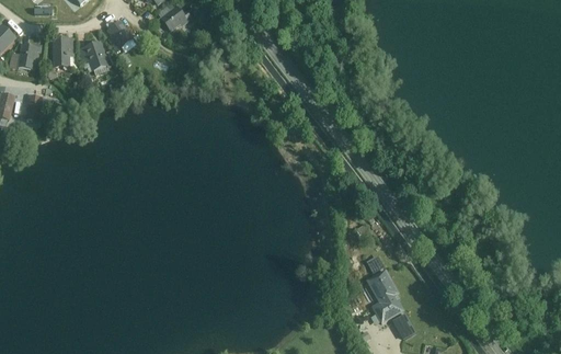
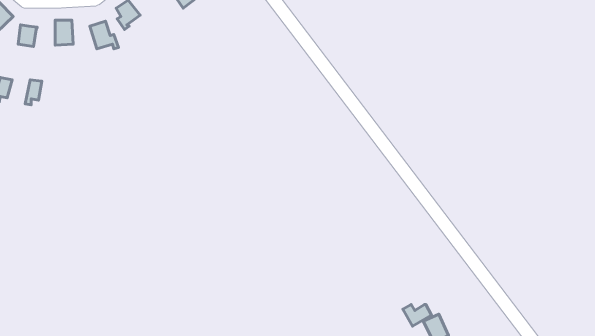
building: [366,270,399,307] -> none

